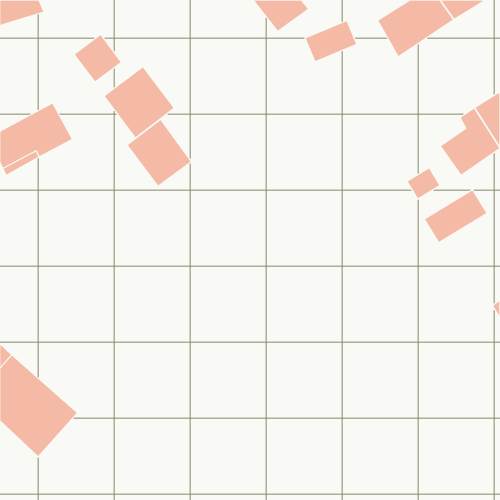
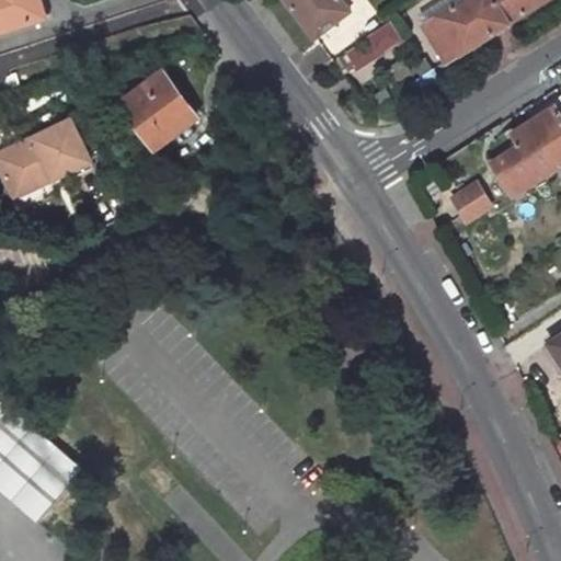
building: [74,34,122,82] -> none
building: [127,119,192,186] -> none
building: [424,189,487,243] -> none

